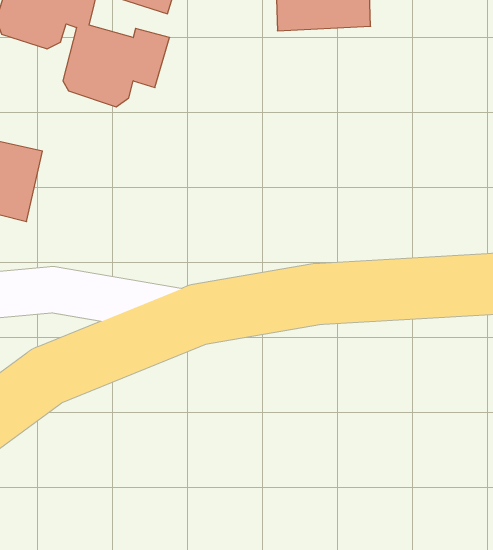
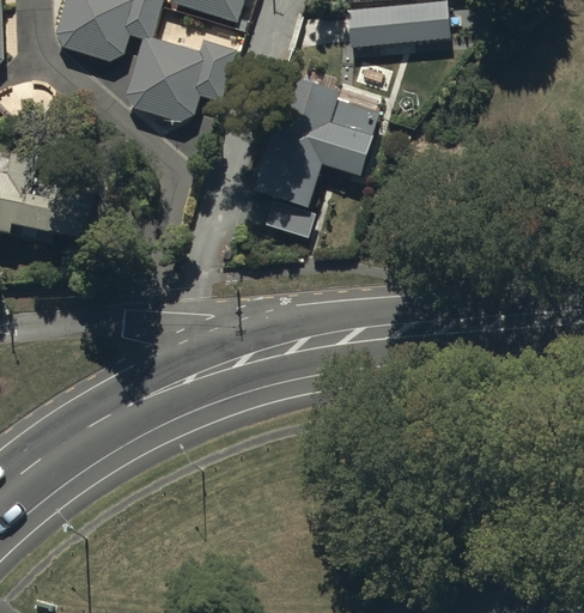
building: none -> [251,77,379,211]

